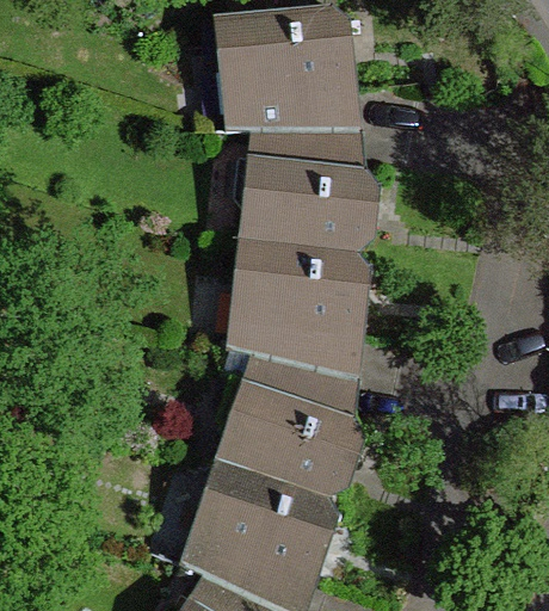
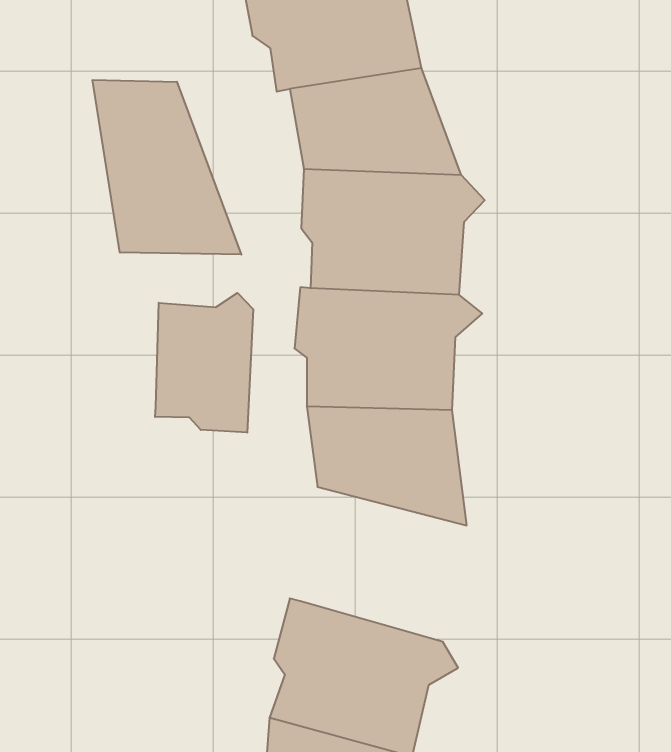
building: none -> [93,80,241,255]
building: none -> [155,293,253,433]
building: [229,383,365,499] -> none

